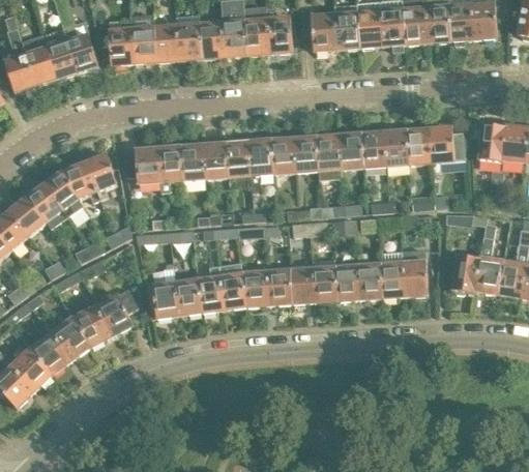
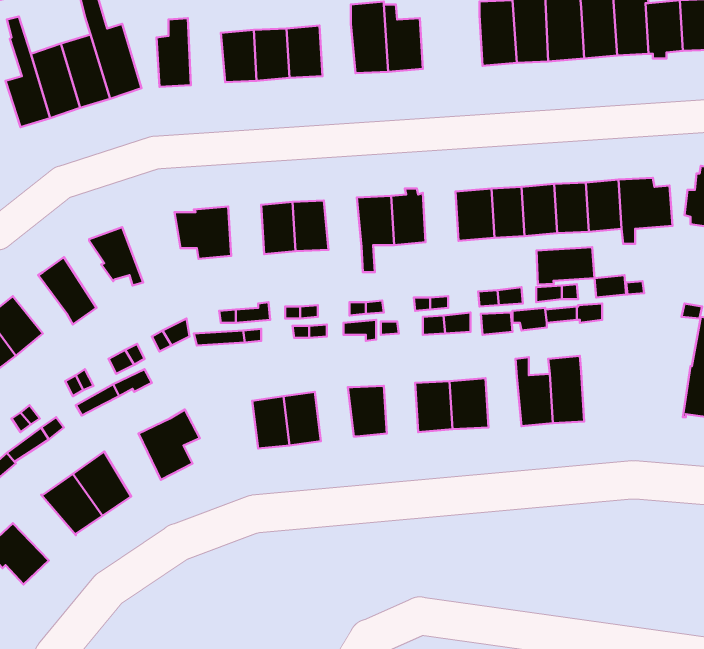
building: [311,14,334,51] -> none
building: [130,16,156,63] -> none
building: [222,21,246,57] -> none
building: [293,137,318,172] -> none
building: [225,141,251,177] -> none
building: [158,146,183,193] -> none
building: [85,152,118,200] -> none
building: [45,170,84,217] -> none
building: none -> [537,247,595,285]
building: [9,195,47,235] -> none
building: [450,255,478,293] -> none
building: [403,260,429,296] -> none
building: [217,263,245,309] -> none
building: [336,265,361,300] -> none
building: [147,267,179,319] -> none
building: [266,269,290,304] -> none
building: [72,304,112,348] -> none
building: [9,347,53,392] -> none

